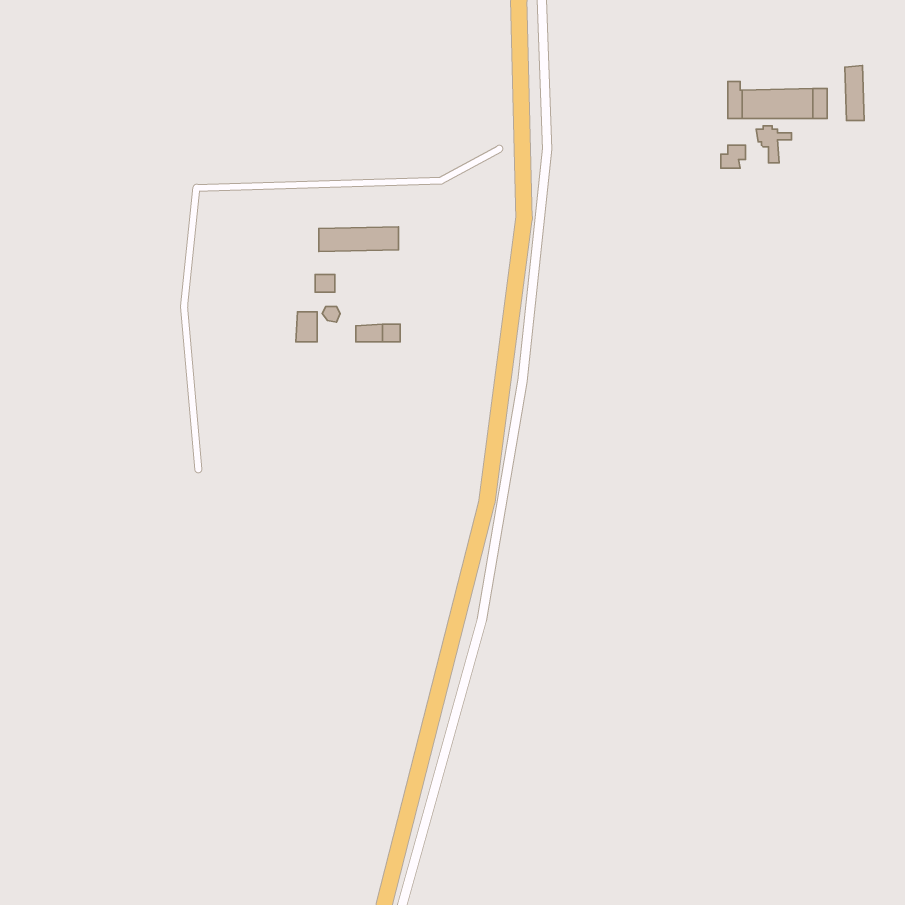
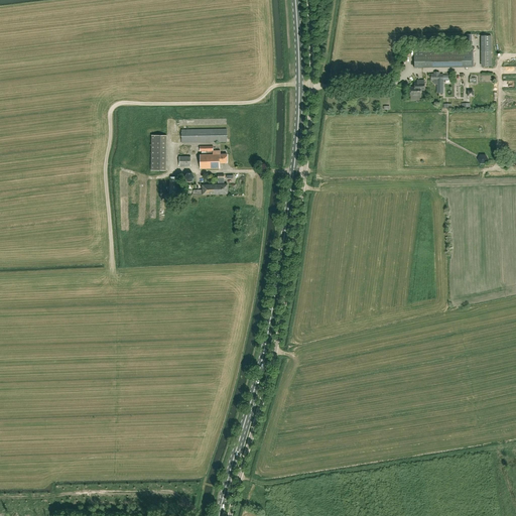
building: none -> [151,135,166,171]
building: none -> [200,146,227,168]

